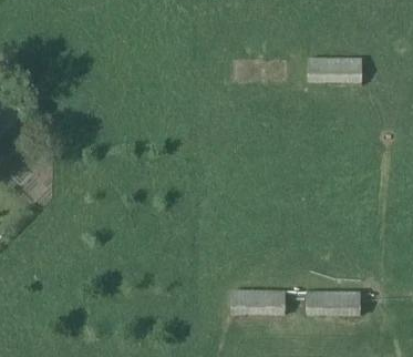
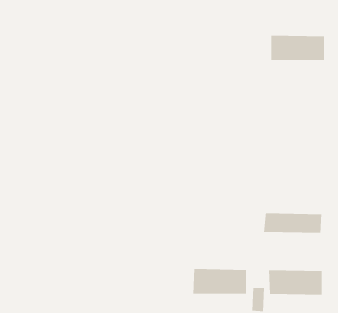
building: none -> [263,213,322,234]

